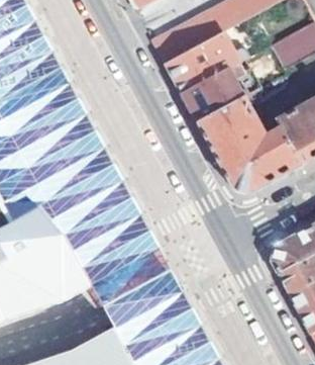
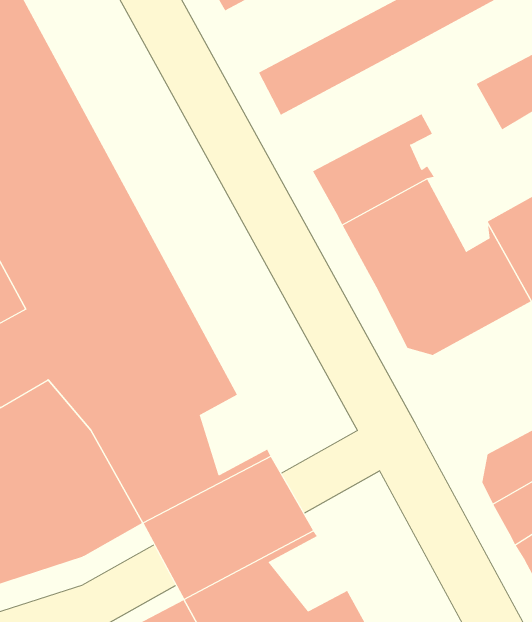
building: [165,31,241,94] -> none
building: [121,215,158,259] -> none
building: [159,292,201,333] -> none

